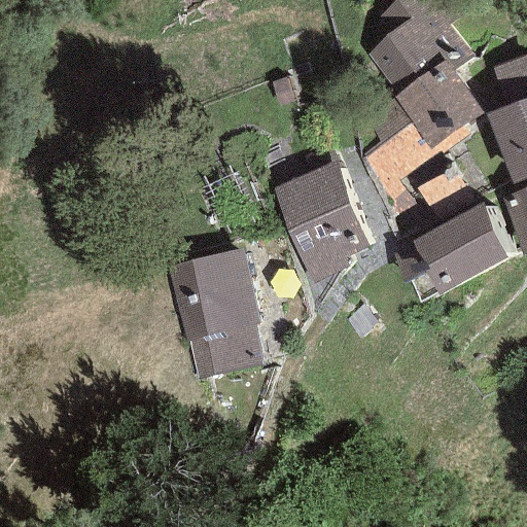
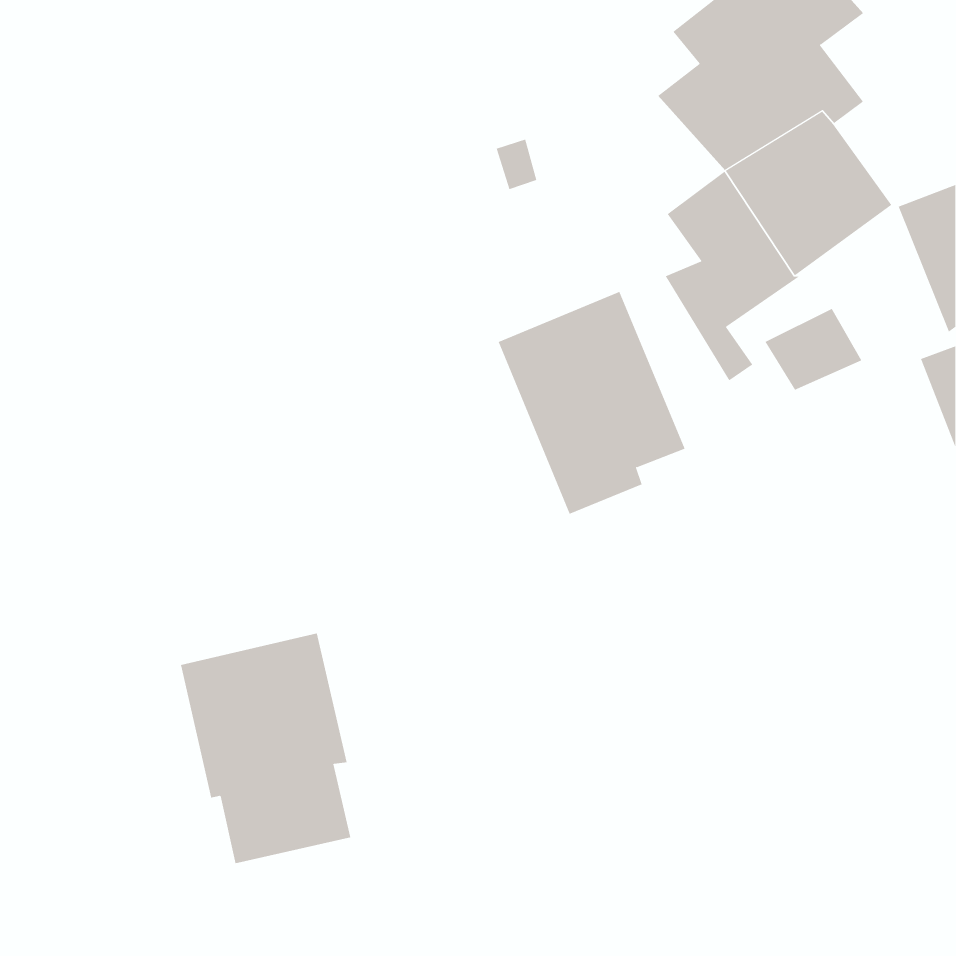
building: [390,201,517,291] -> none
building: [170,251,264,378] -> [180,633,351,864]

